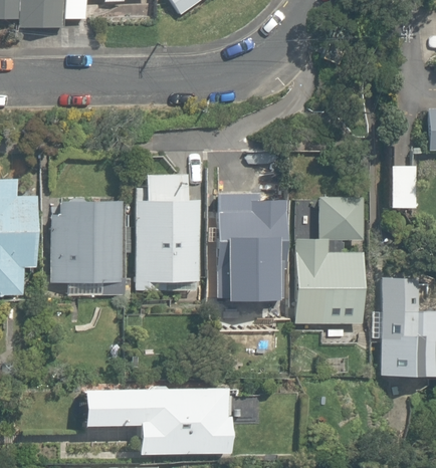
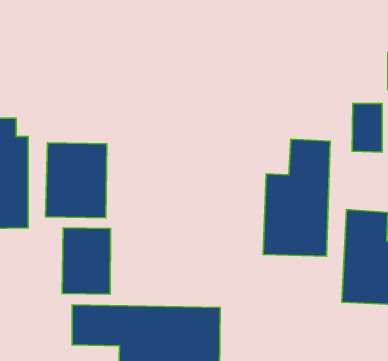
building: [132,172,201,295] -> none
building: [215,190,285,304] -> none
building: none -> [62,228,111,294]

